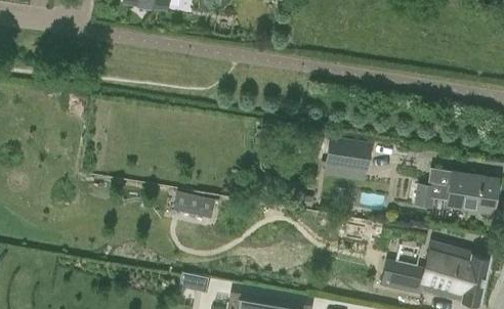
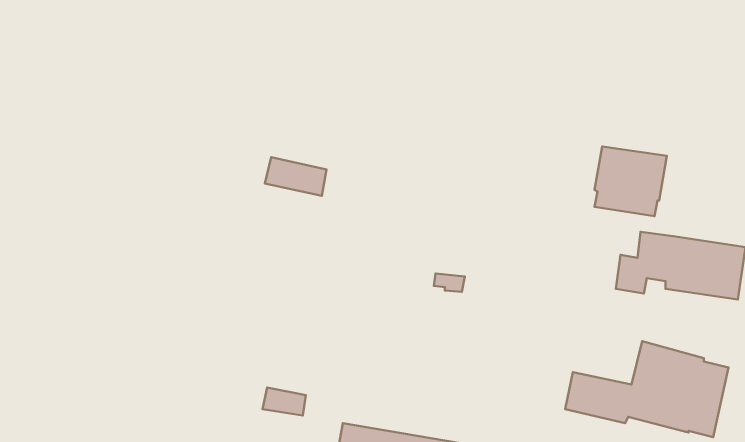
building: [325,136,373,182] -> [594,147,667,216]
building: [174,189,215,215] -> [265,157,327,196]

